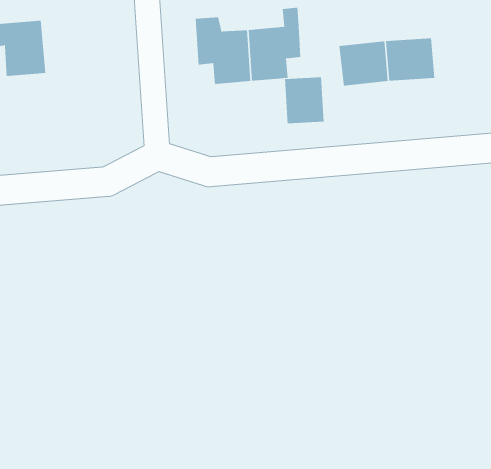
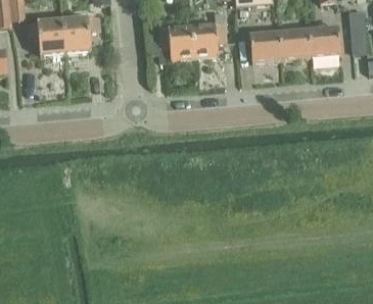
building: none -> [61,15,98,52]
building: none -> [309,27,340,55]
building: [284,77,324,124] -> none

